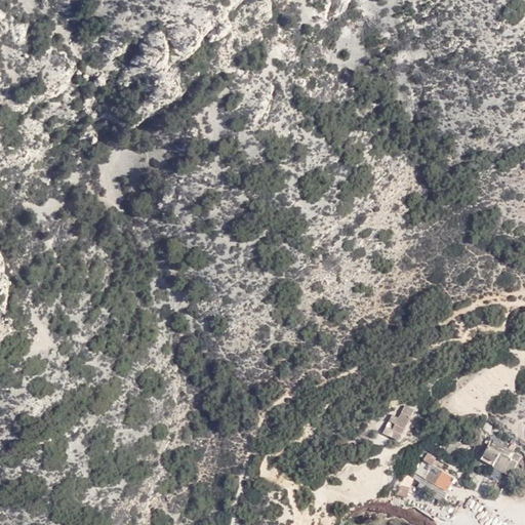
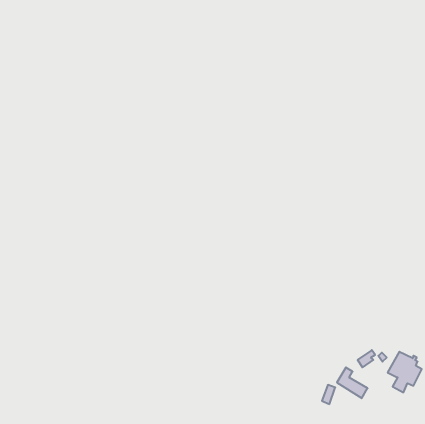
building: [382,405,415,441] -> none

